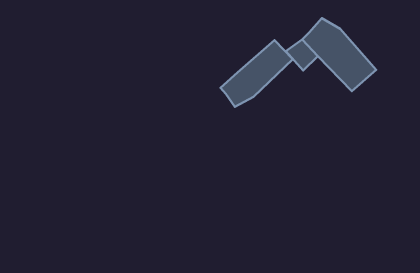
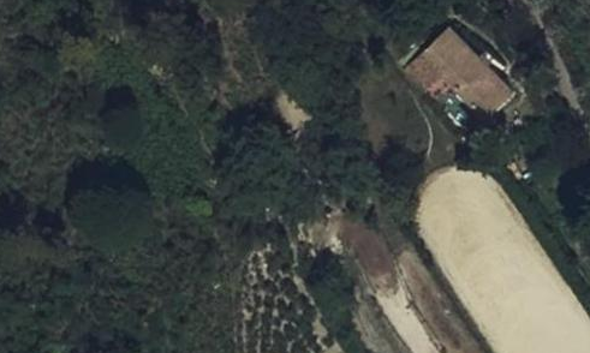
building: [221,40,293,107] -> none

